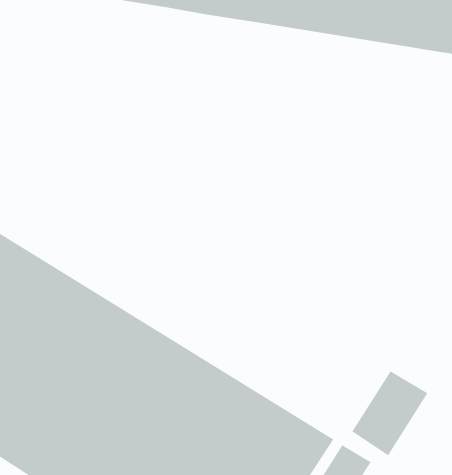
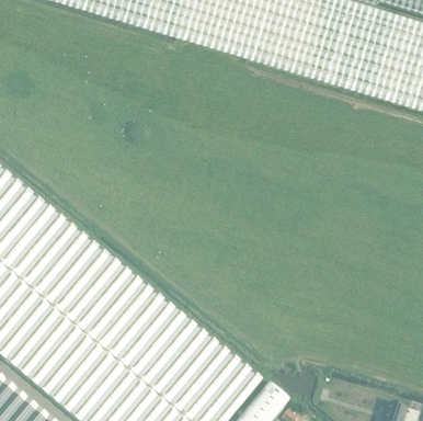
building: [351,370,428,456] -> none

